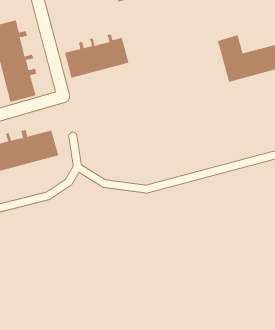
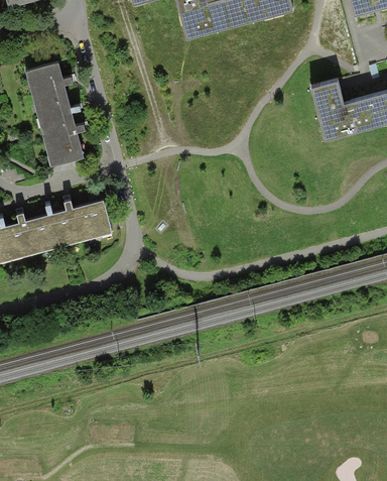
building: [64,33,129,78] -> none

